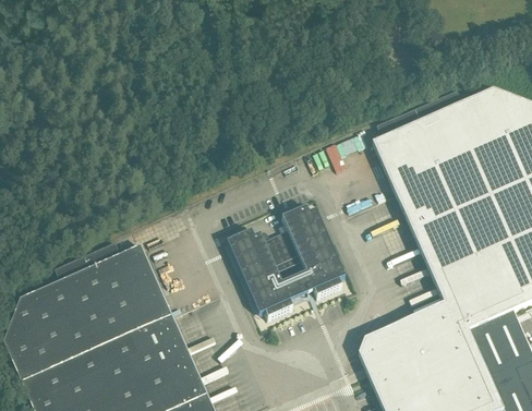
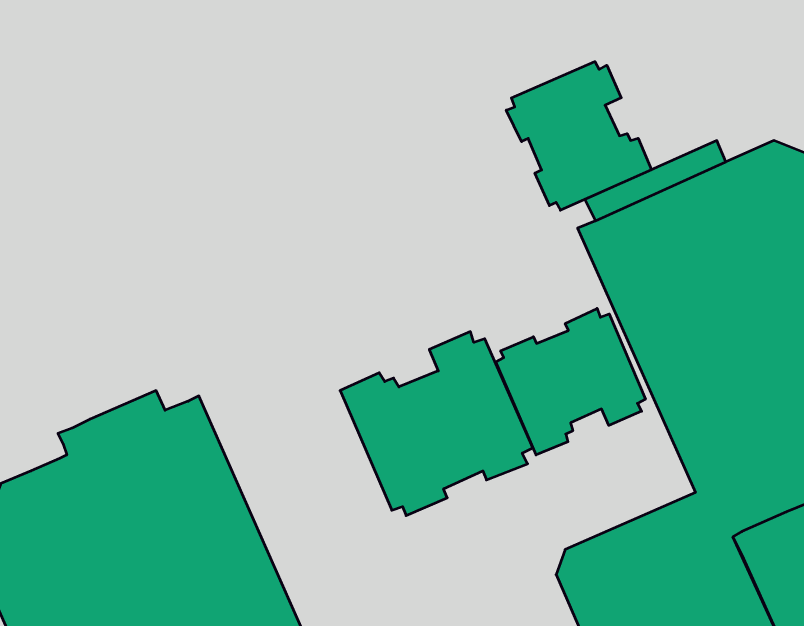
building: none -> [506,62,651,210]
building: none -> [496,308,645,455]

